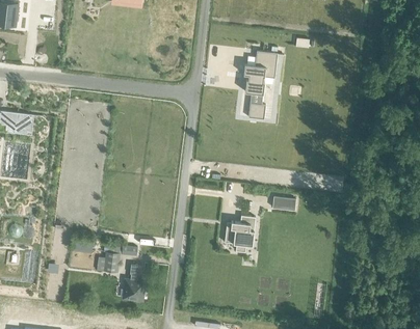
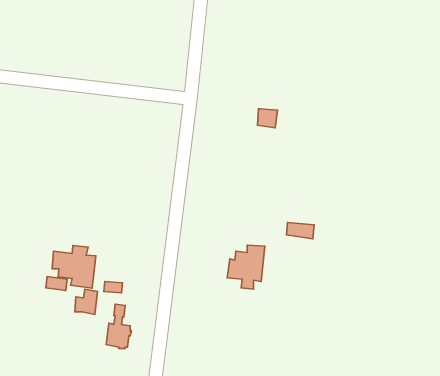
building: [243,50,278,93] -> none
building: none -> [52,246,96,288]

